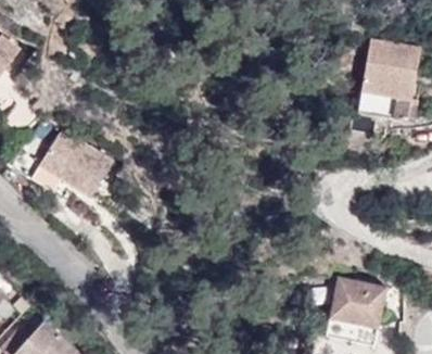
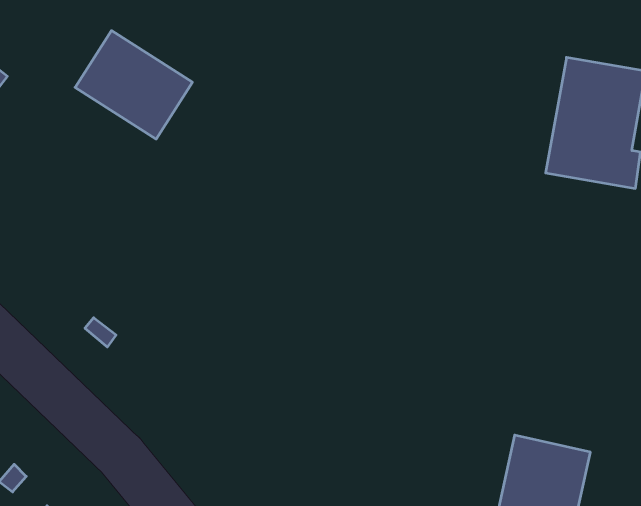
building: [39,128,113,197] -> [75,31,192,139]

